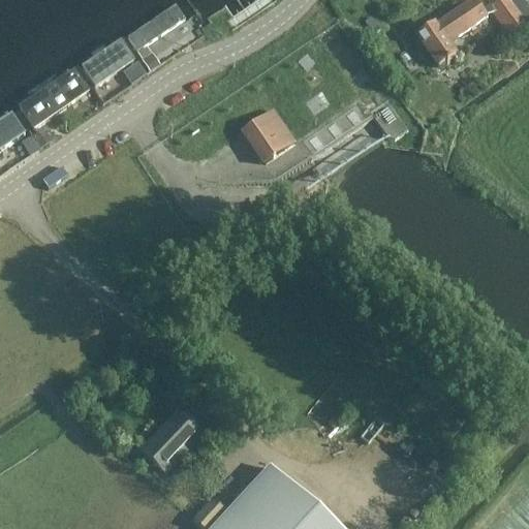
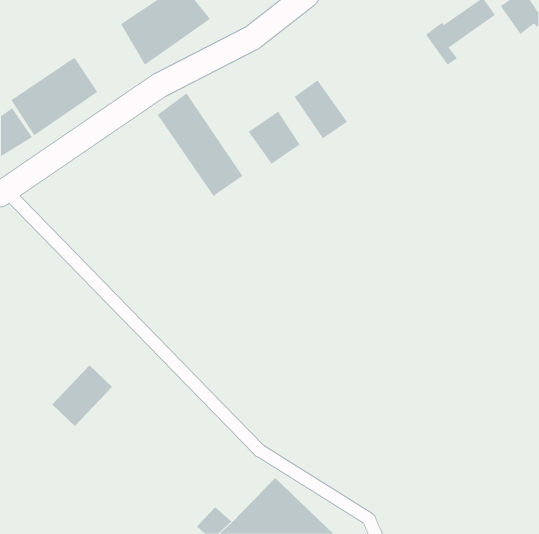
building: [75,29,142,92] -> none
building: none -> [294,80,348,139]
building: none -> [157,93,243,197]
building: [142,410,201,471] -> [52,365,113,427]

